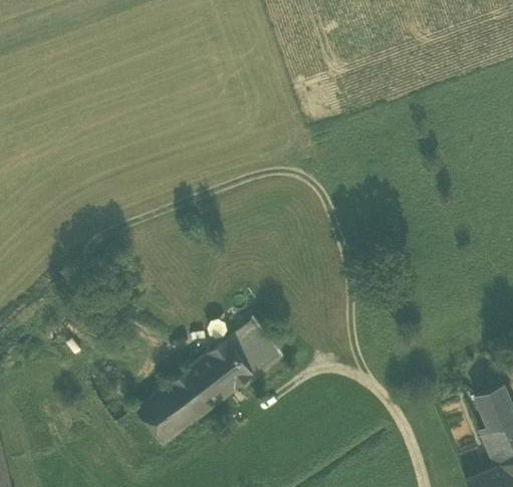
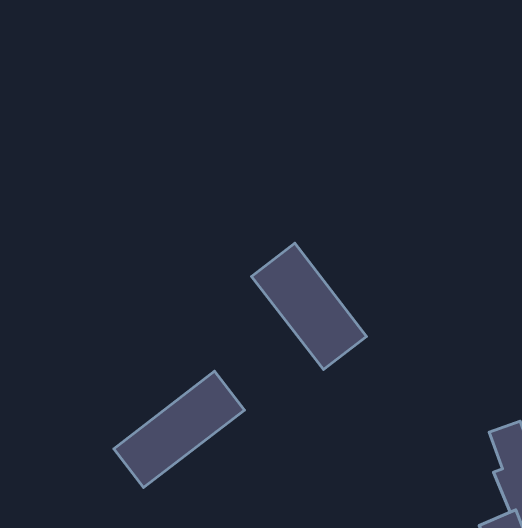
building: none -> [252,243,367,370]
building: [228,322,277,375] -> none

